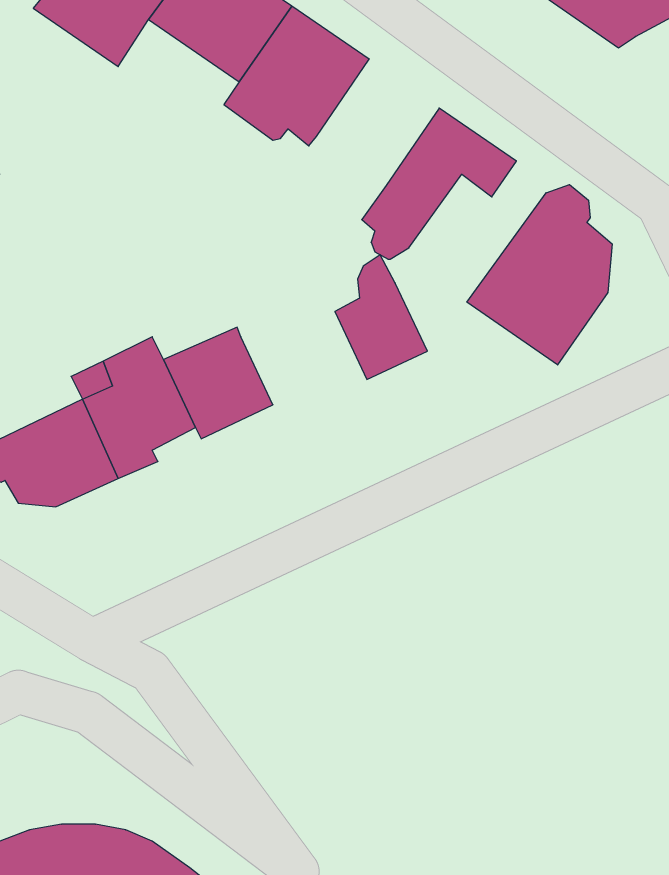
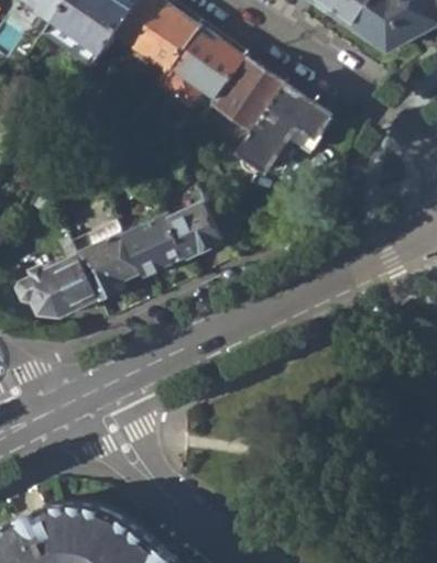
building: none -> [212,57,284,131]
building: [467,185,612,365] -> none
building: [335,255,427,379] -> [168,186,222,258]

